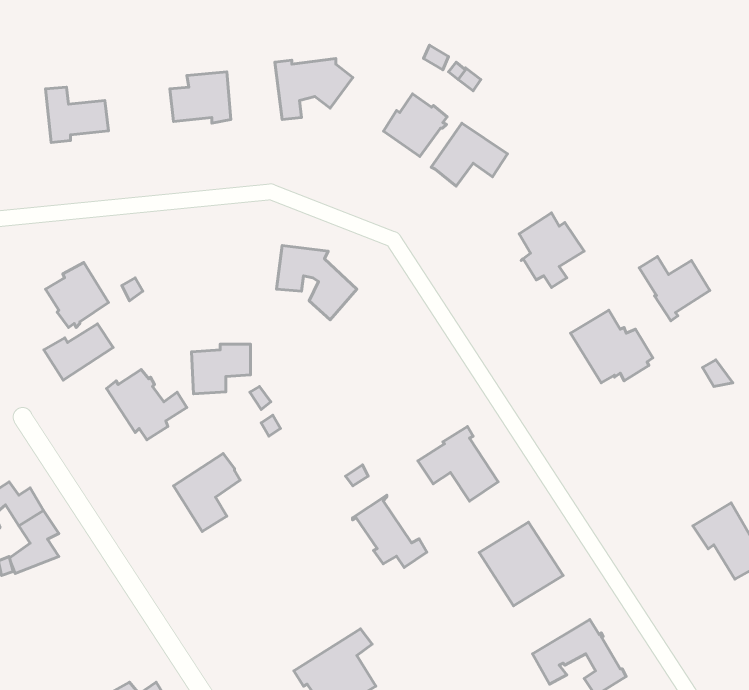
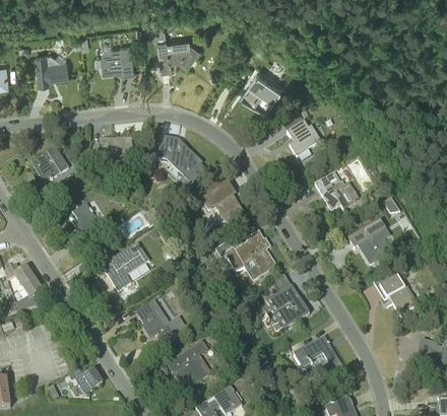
building: [384,94,447,156] -> none
building: [639,257,710,321] -> none
building: [44,324,113,380] -> none
building: none -> [201,184,241,222]
building: [191,344,251,394] -> [101,136,132,162]
building: none -> [348,217,391,263]
building: [352,495,427,568] -> [133,299,173,338]

